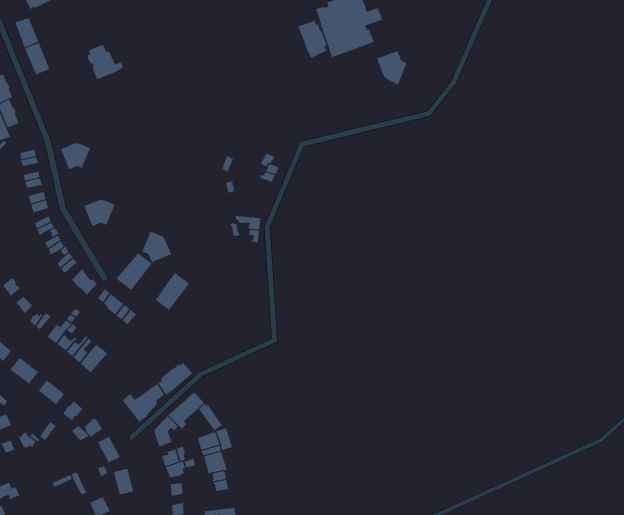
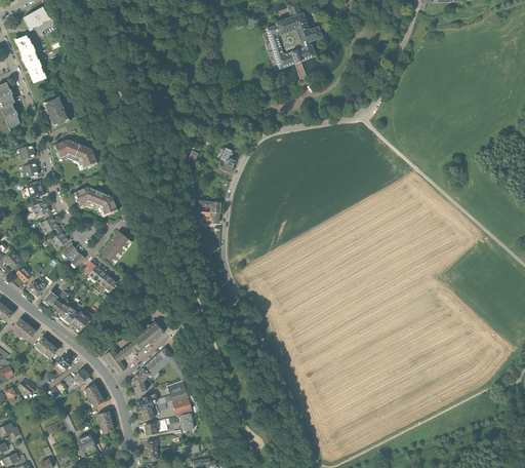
building: [298,20,327,59] -> none
building: [87,44,124,80] -> [45,96,76,126]
building: [376,50,407,86] -> none
building: none -> [72,144,97,171]
building: [141,231,172,263] -> [92,191,118,218]
building: [155,272,190,311] -> none

